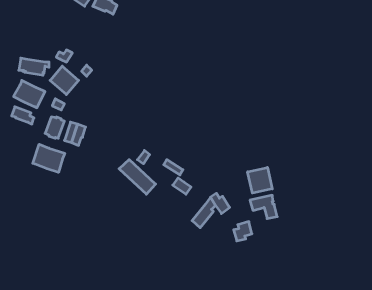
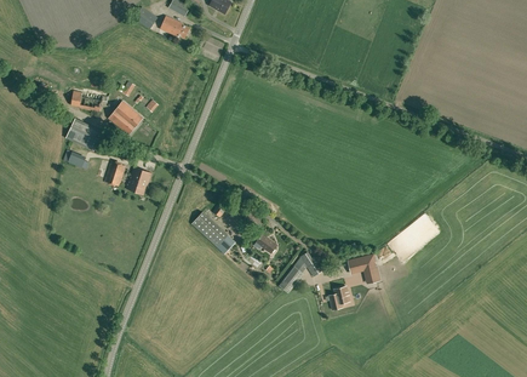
building: [33,144,65,172] -> none
building: [248,167,272,193] -> none

